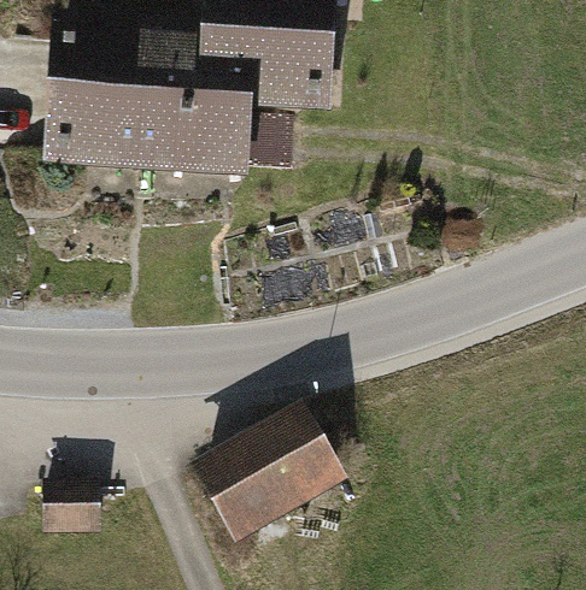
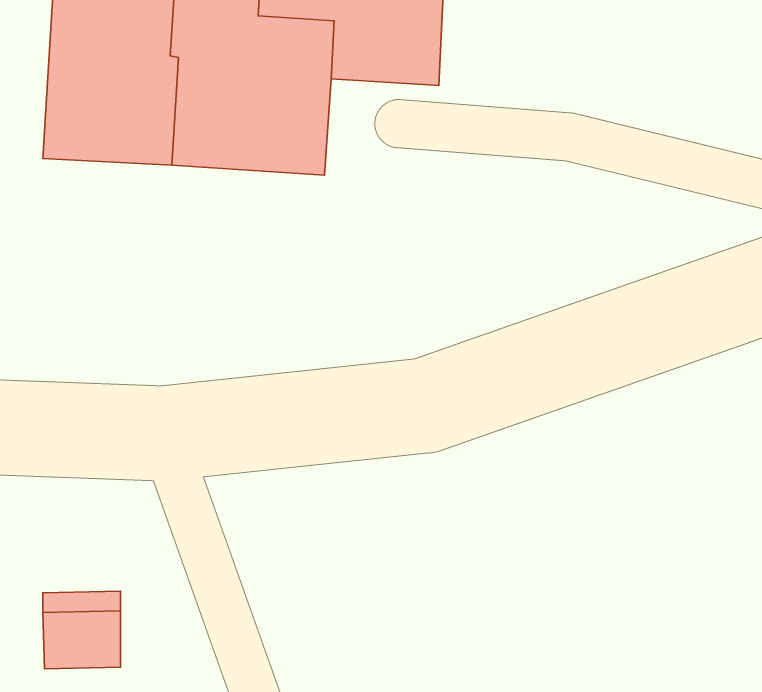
building: [189,399,348,543] -> none

